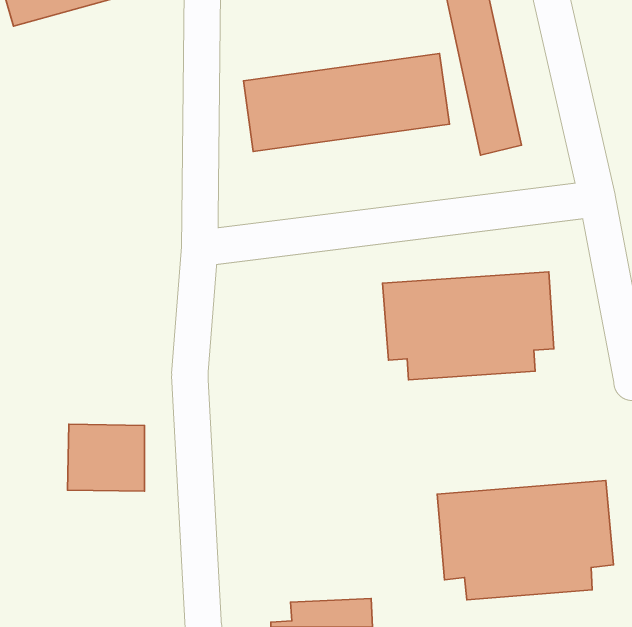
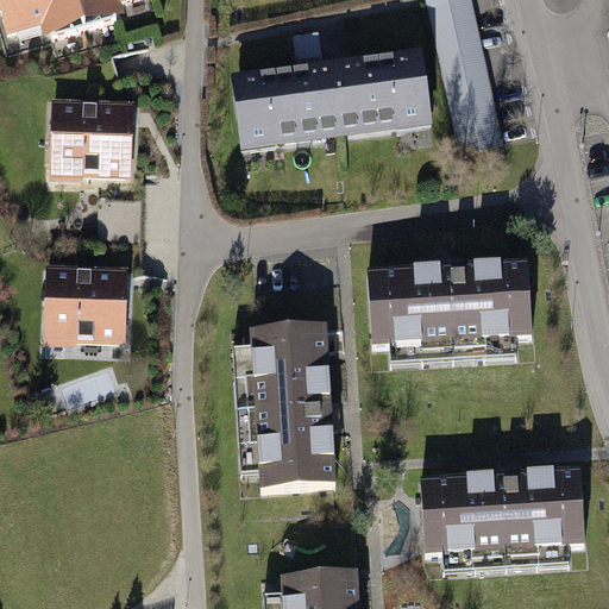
building: none -> [57,103,131,170]
building: none -> [230,322,335,488]
building: [67,424,144,491] -> [50,270,124,334]

